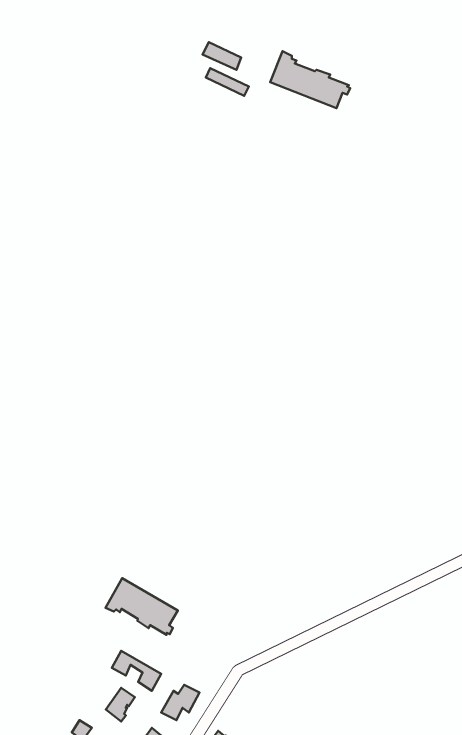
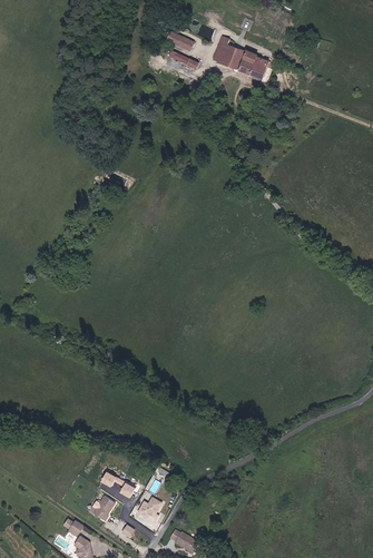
building: [105,578,178,635] -> none

